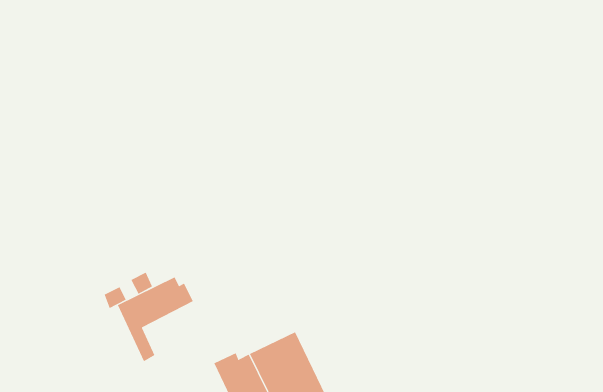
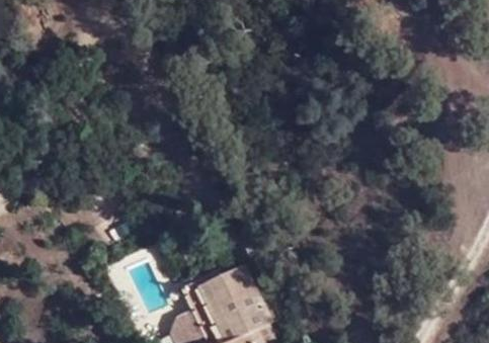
building: [117,276,194,362] -> none

